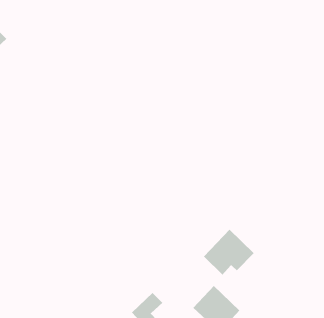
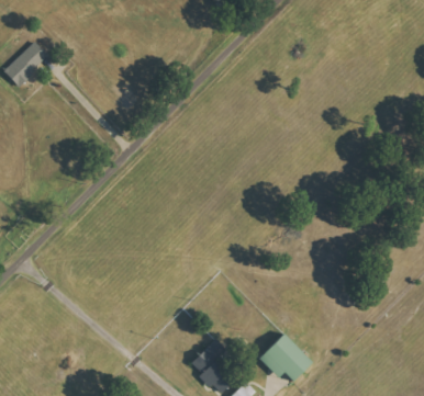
building: [203,229,254,276] -> none

